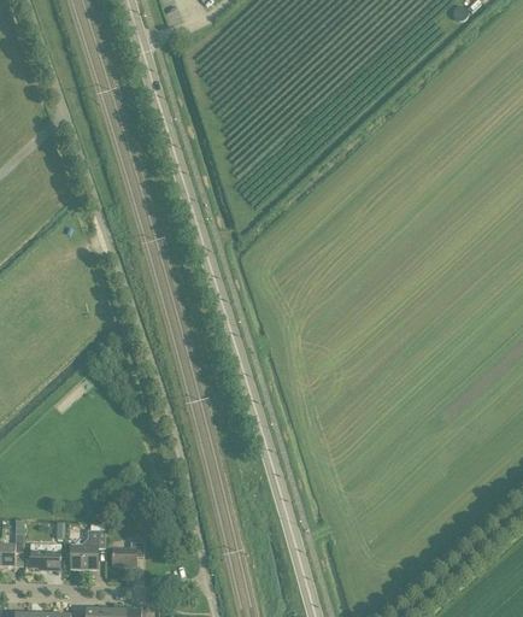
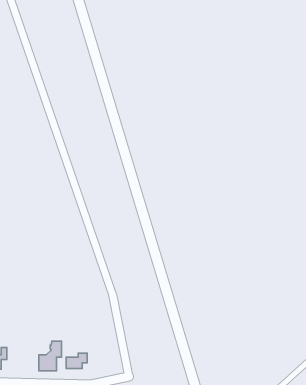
building: [29,543,59,571] -> none

